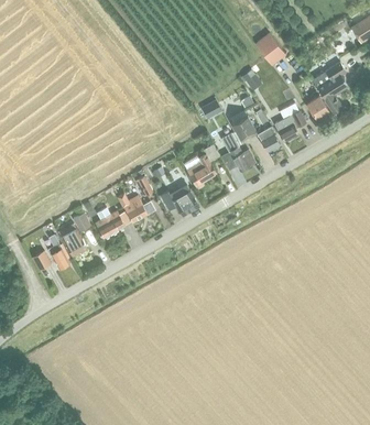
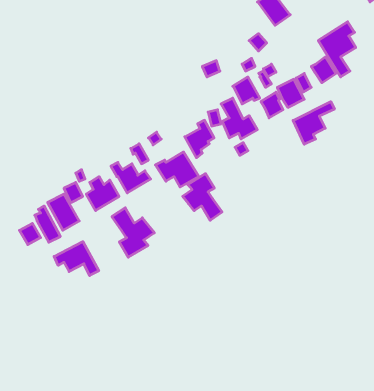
building: none -> [293,102,334,144]
building: none -> [183,174,222,220]
building: none -> [112,208,154,257]
building: none -> [54,242,99,276]

